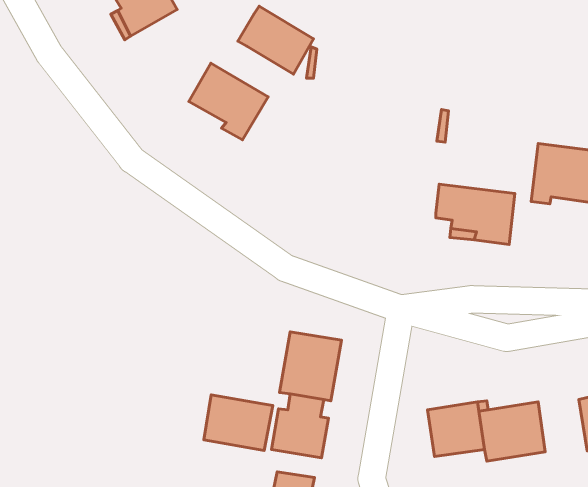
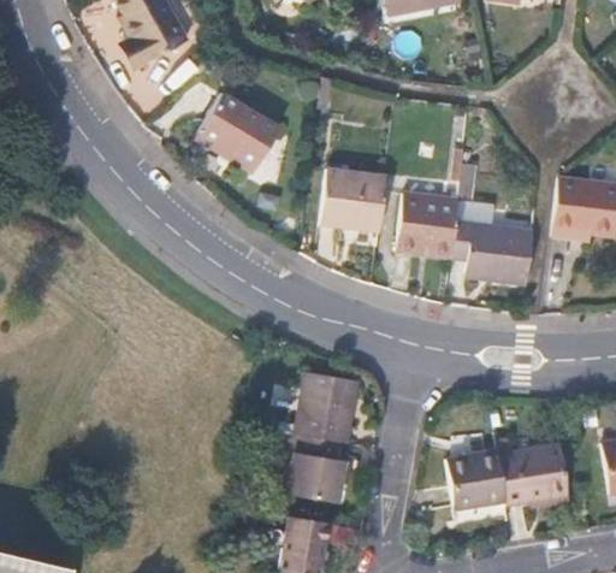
building: [238,6,314,74] -> none
building: none -> [321,169,387,232]
building: none -> [398,191,461,253]
building: [204,395,273,450] -> none

